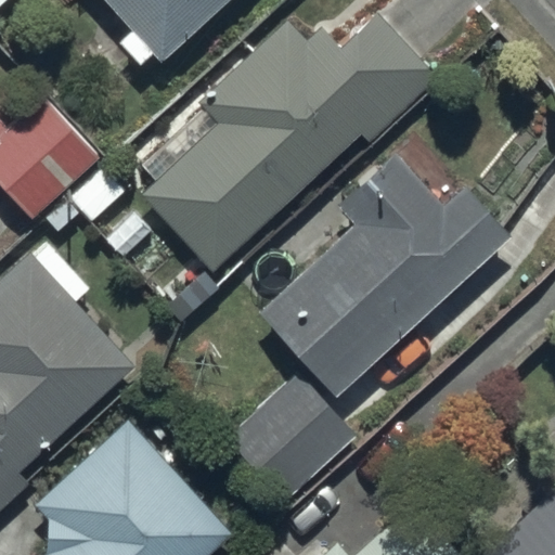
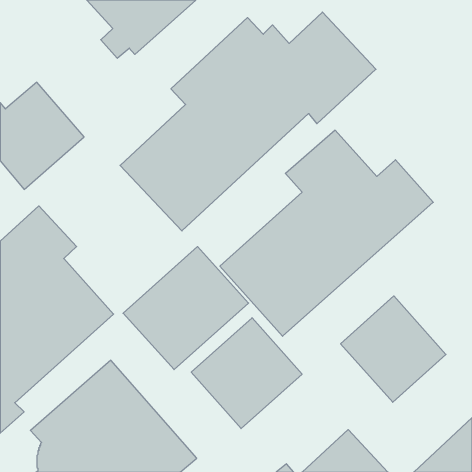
building: none -> [123,247,249,370]
building: none -> [341,296,446,402]

